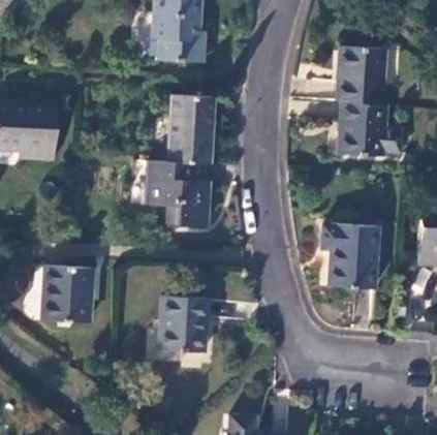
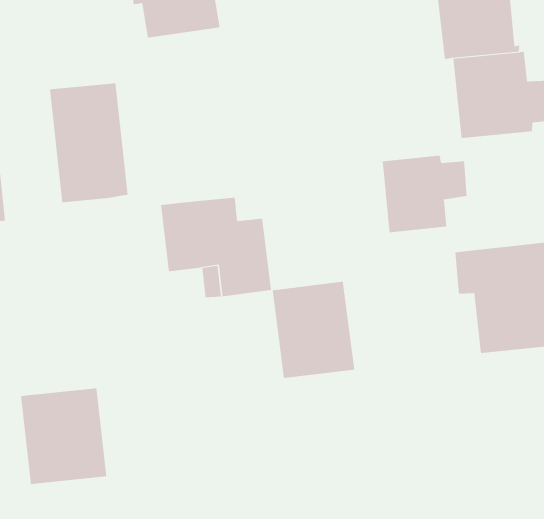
building: [168,95,214,167] -> [49,83,128,203]
building: none -> [382,155,467,233]
building: [160,296,207,352] -> [272,281,355,378]

